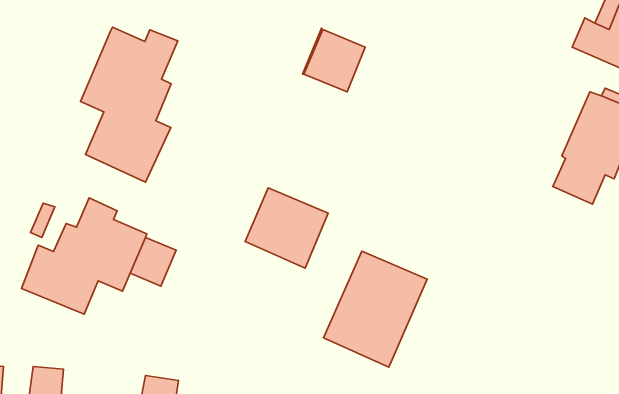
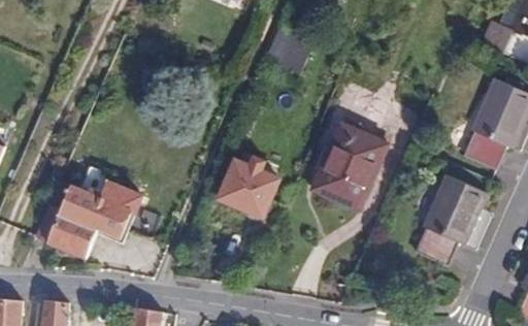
building: [80,27,178,182] -> none
building: none -> [416,172,489,265]
building: [324,251,427,367] -> [308,119,392,213]

